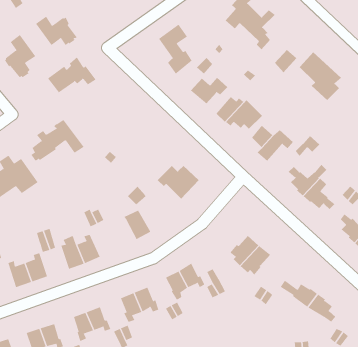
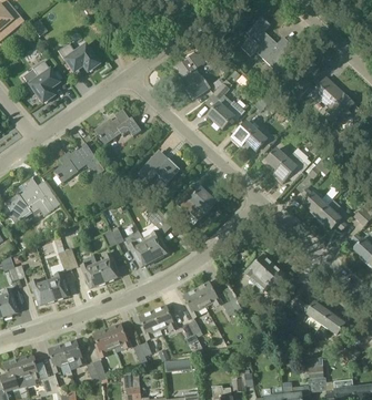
building: [47,57,97,93] -> [94,107,142,143]
building: none -> [140,152,180,182]
building: none -> [125,233,155,266]

